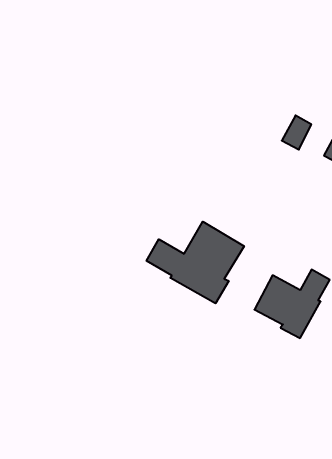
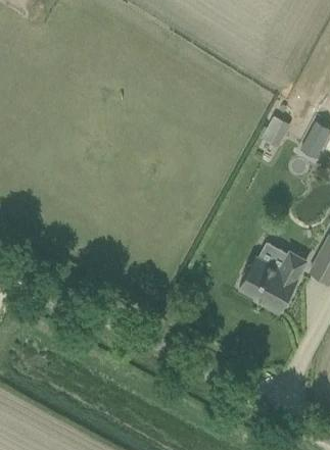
building: [147,222,244,303] -> none

